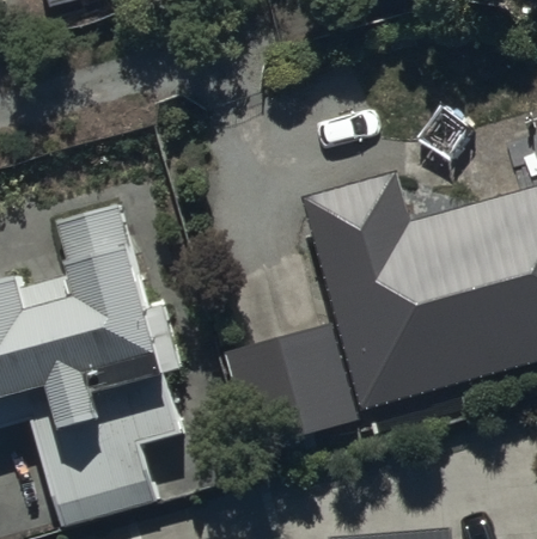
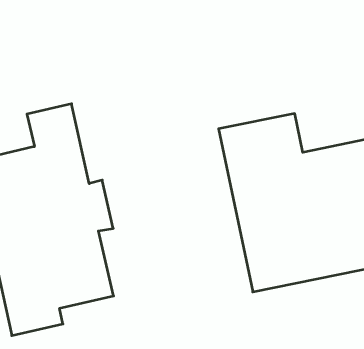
building: [228,335,364,461] -> none

